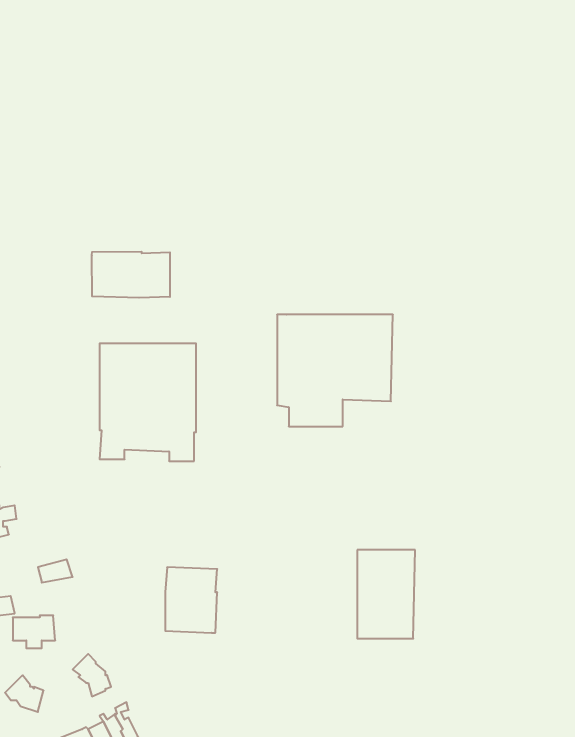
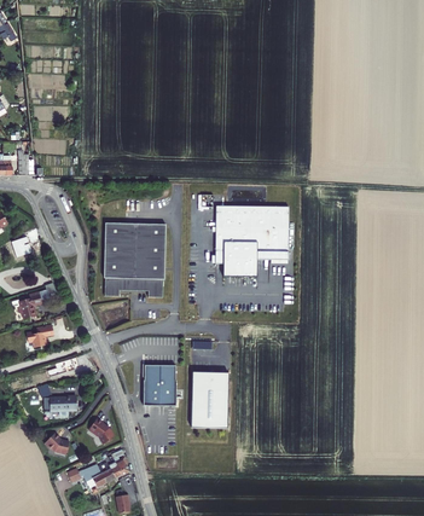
building: [92,252,170,298] -> none
building: [357,550,415,639] -> [192,371,228,427]

